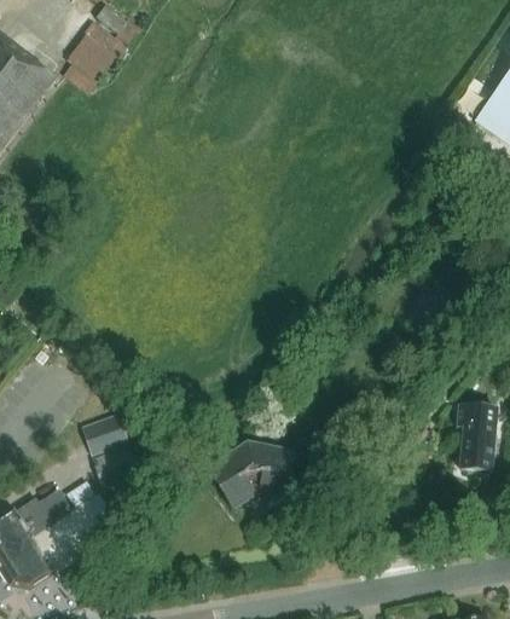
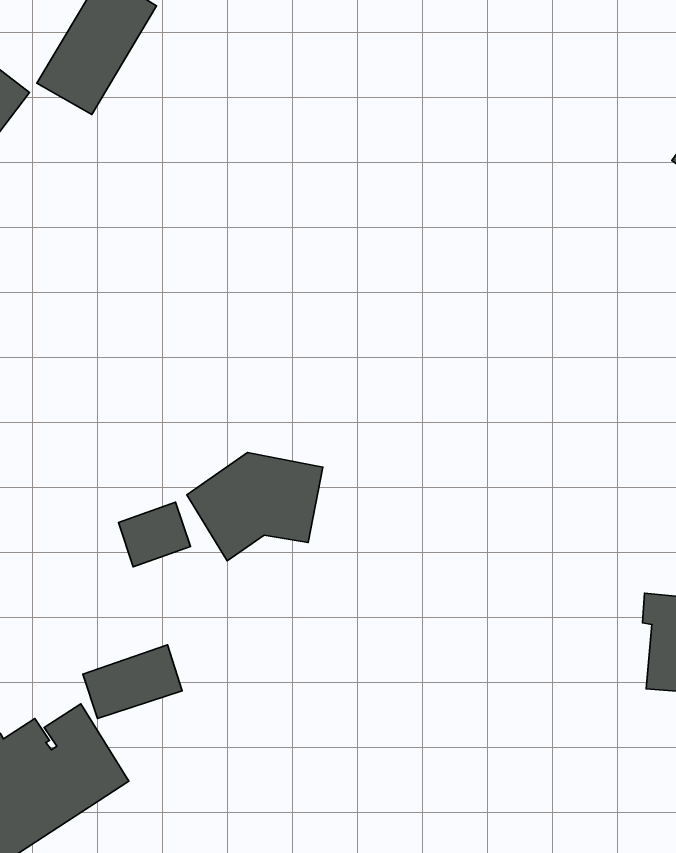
building: [80,413,127,456] -> [119,502,190,567]
building: [207,442,296,514] -> [187,452,323,561]

